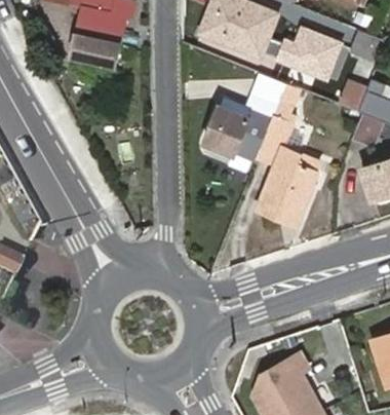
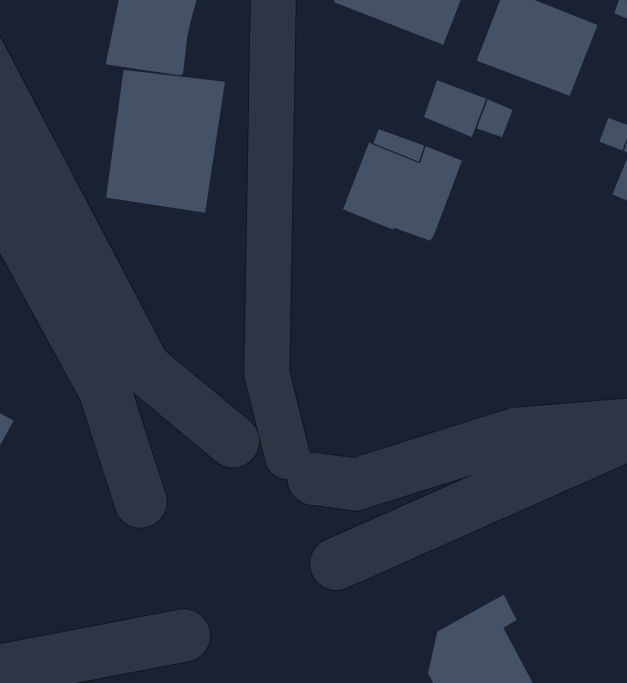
building: none -> [105,69,226,213]
building: [256,109,317,218] -> none

